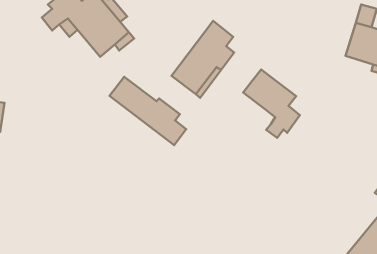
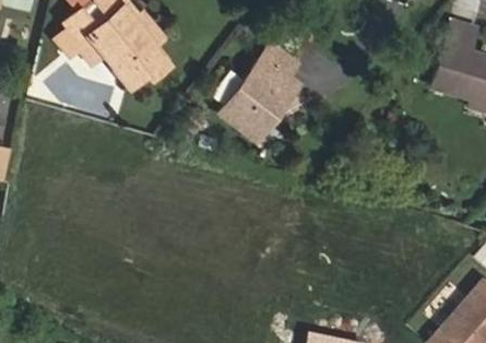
building: [243,69,300,138] -> none
building: [109,77,186,145] -> none

